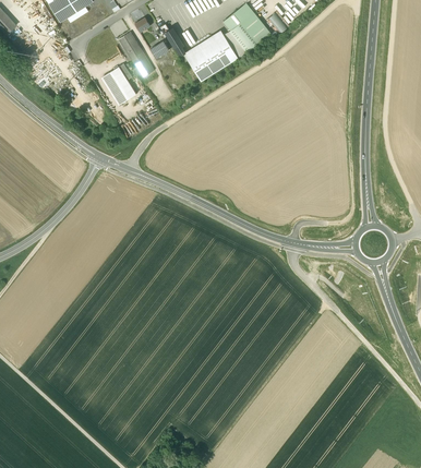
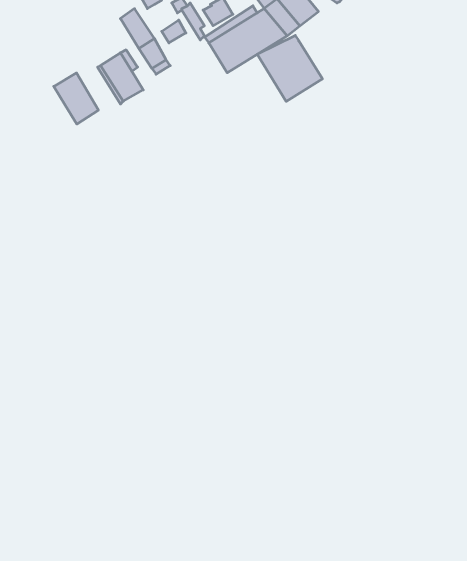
building: none -> [257,35,322,101]
building: none -> [54,73,98,124]

